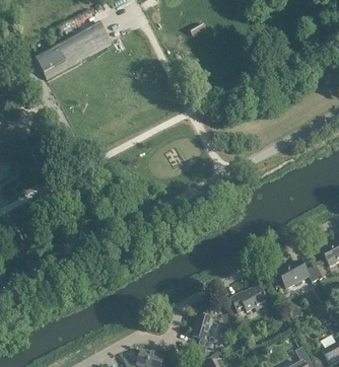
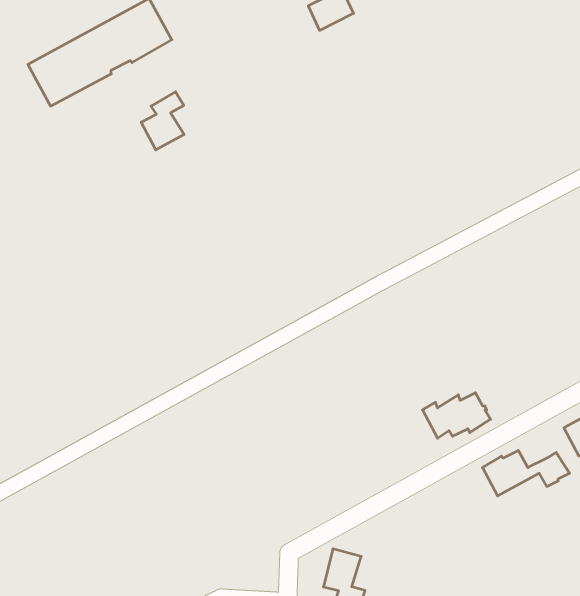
building: none -> [141,92,184,150]
building: [230,288,267,312] -> [422,393,491,438]

